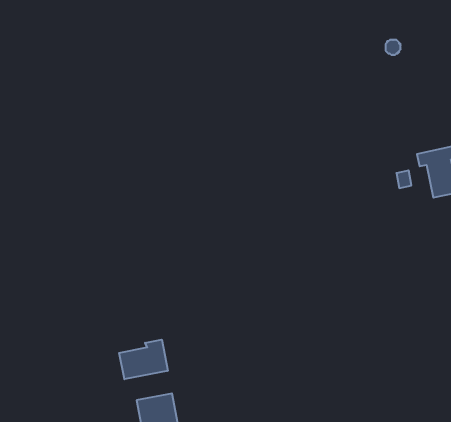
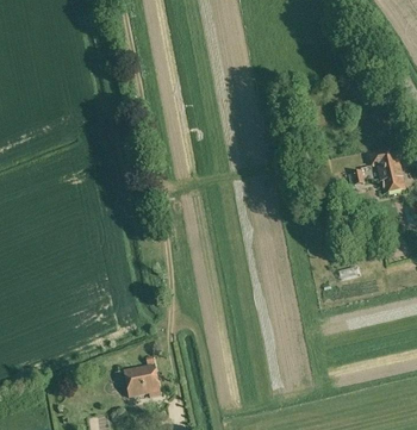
building: [119,340,168,379] -> none

